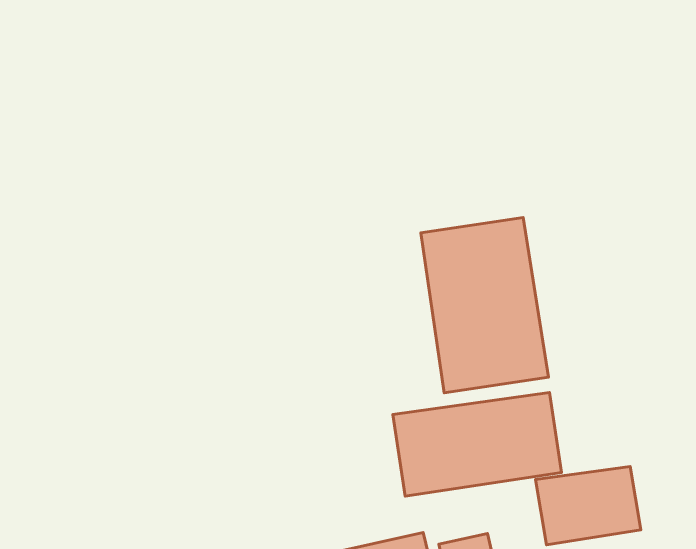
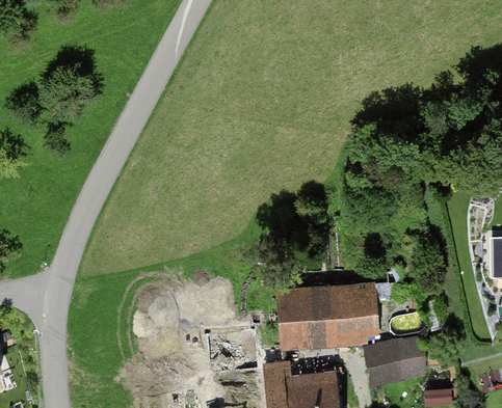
building: [421,218,548,393] -> none

